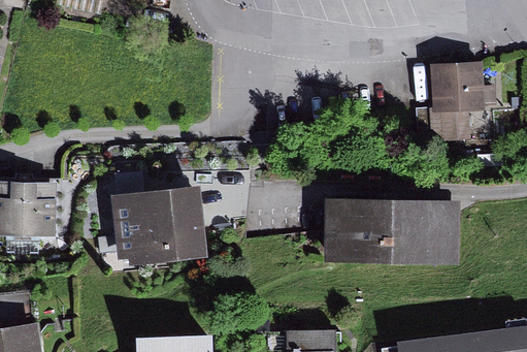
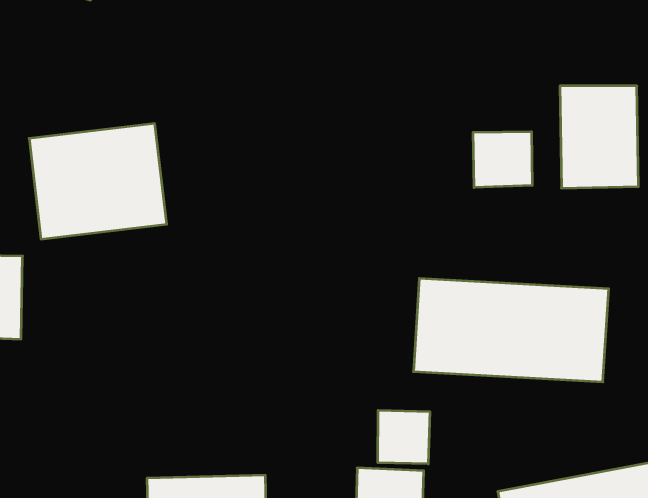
building: none -> [473,132,532,188]
building: [108,188,204,268] -> [29,124,167,239]
building: none -> [378,410,430,464]

